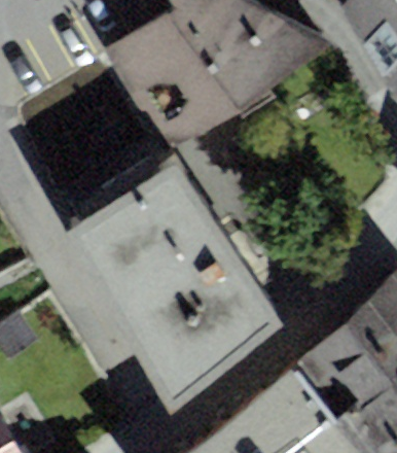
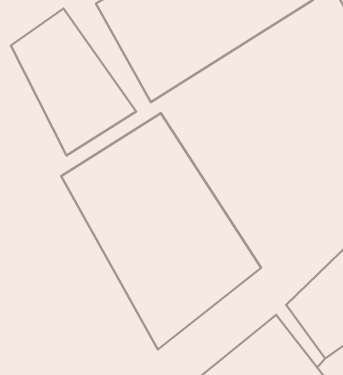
building: none -> [11,9,136,155]

